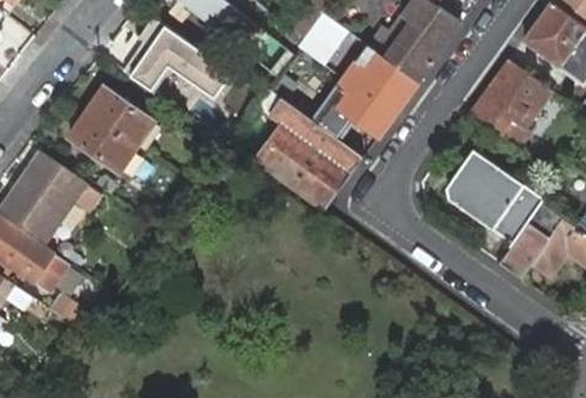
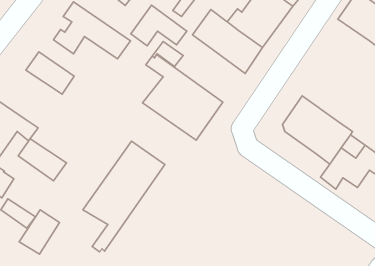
building: [470,62,551,145] -> none
building: [315,82,393,139] -> [131,5,187,46]
building: [69,114,137,173] -> [18,139,66,181]
building: none -> [83,141,165,252]
building: none -> [19,210,60,254]

